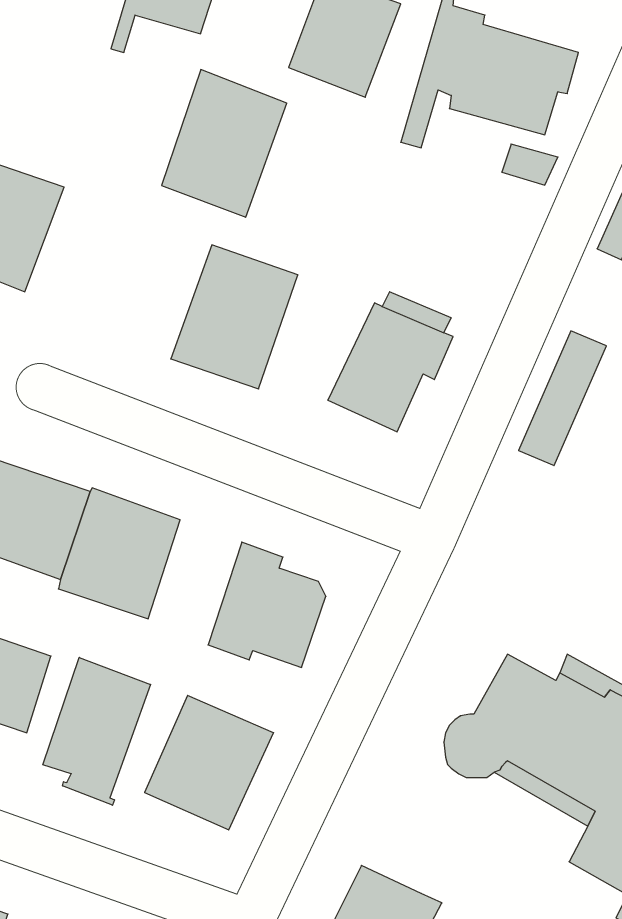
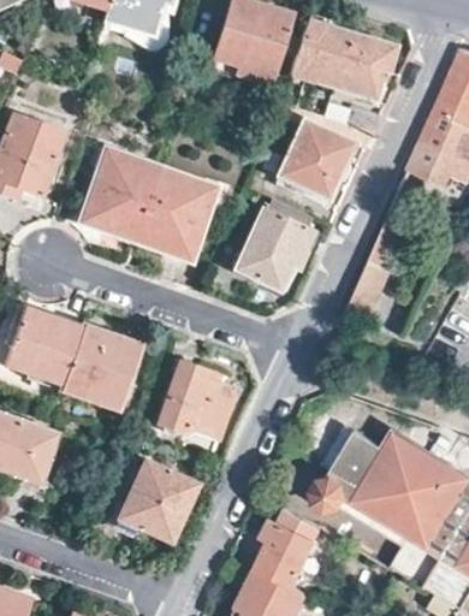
building: [162,70,287,217] -> [81,147,161,242]
building: none -> [278,119,356,200]
building: [43,657,151,805] -> none
building: none -> [257,505,317,586]

